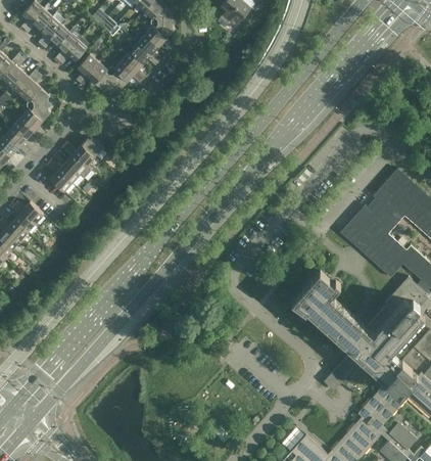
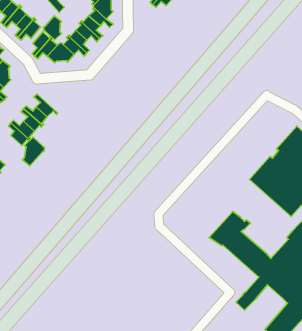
building: none -> [44,16,61,40]
building: none -> [22,137,44,166]

